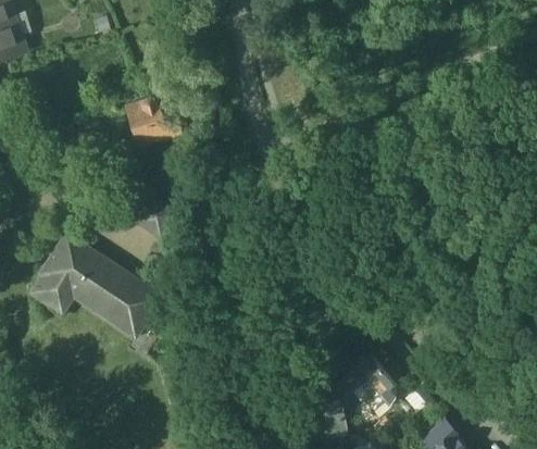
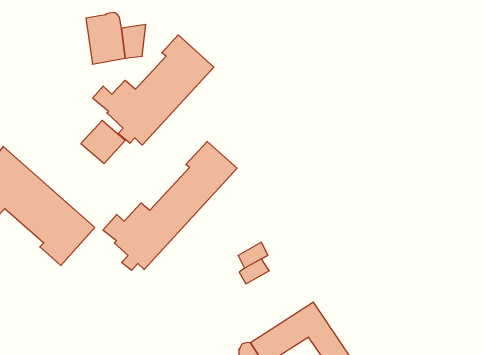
building: none -> [93,35,214,145]
building: none -> [103,141,237,270]

